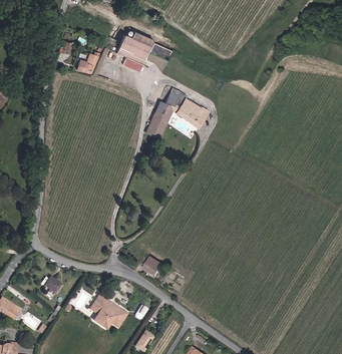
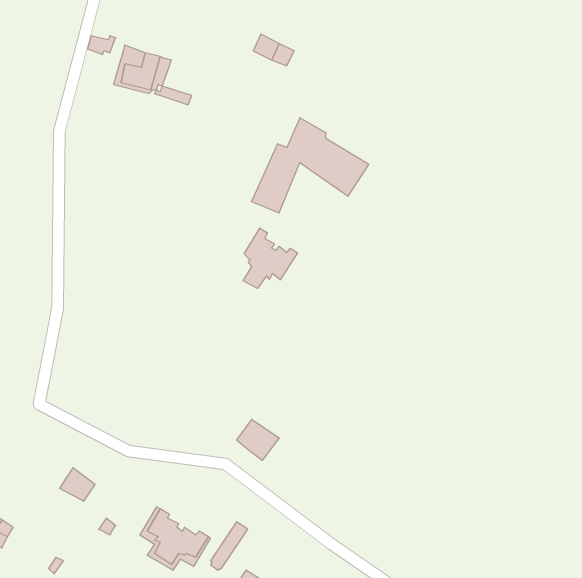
building: [115,29,153,71] -> none
building: none -> [243,228,298,288]

